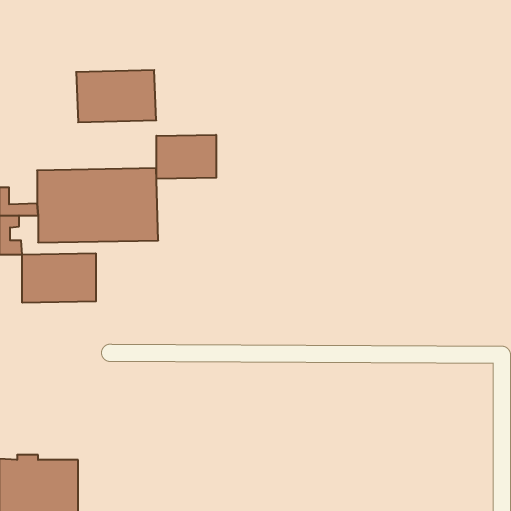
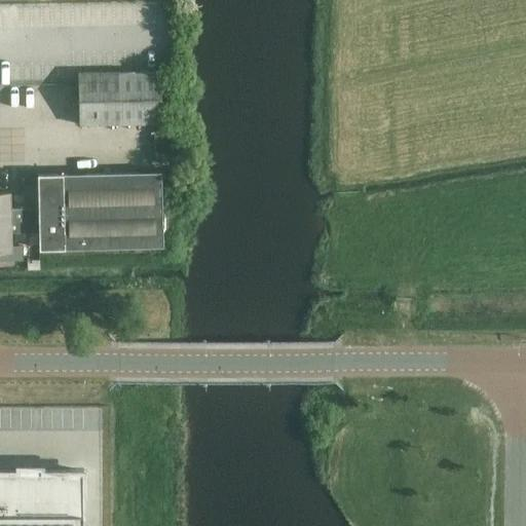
building: [156,135,216,179] -> none
building: [22,253,96,303] -> none

